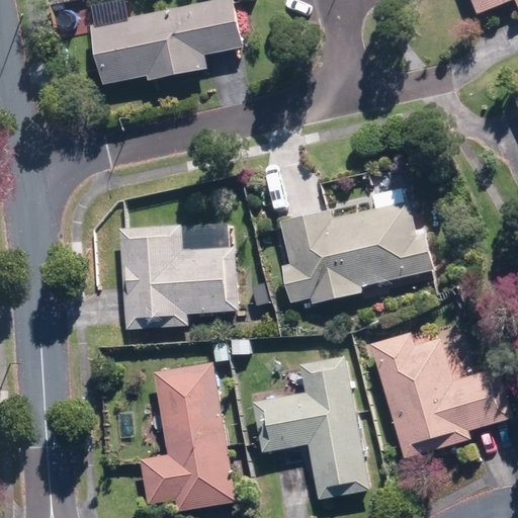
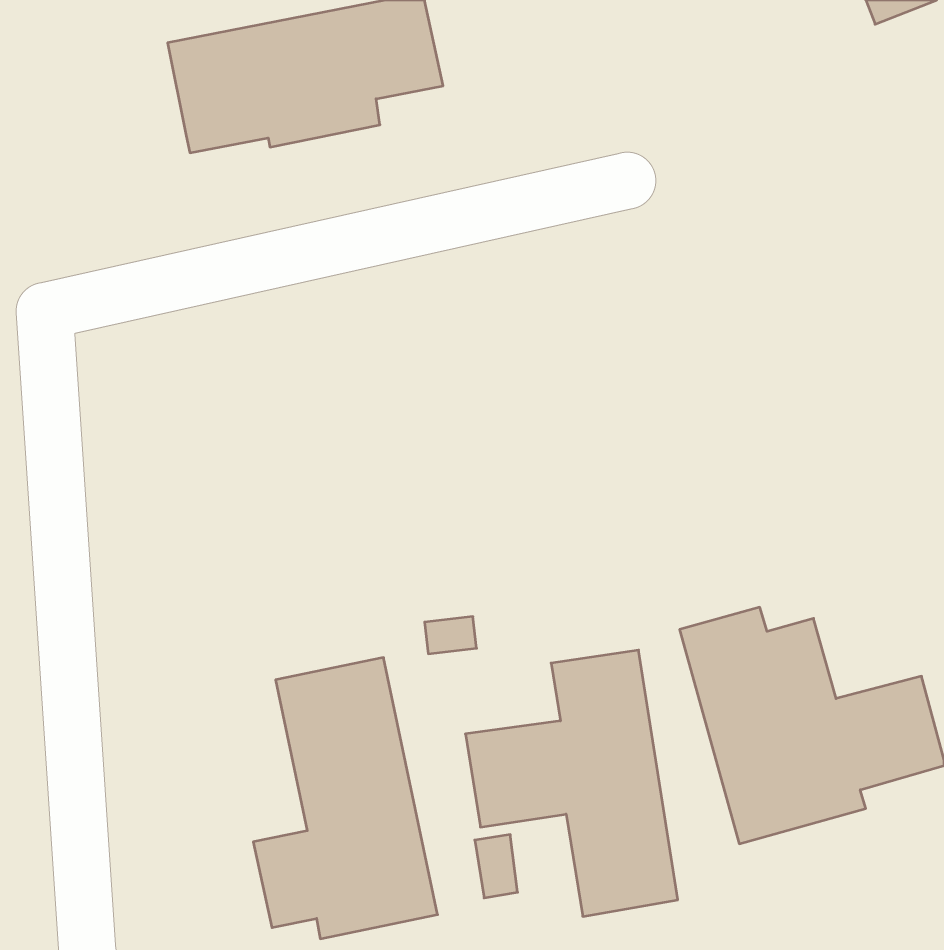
building: [279,187,439,305] -> none
building: [115,222,233,328] -> none

